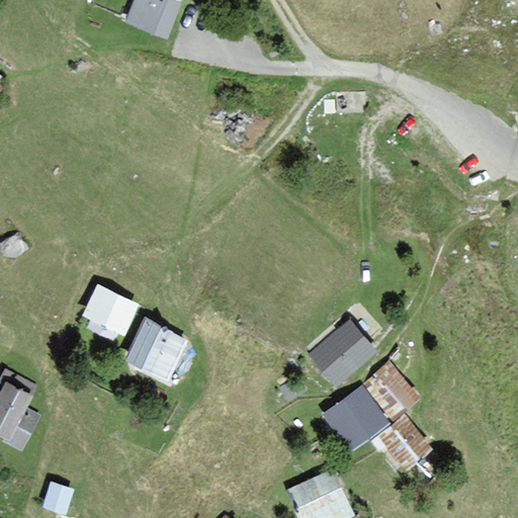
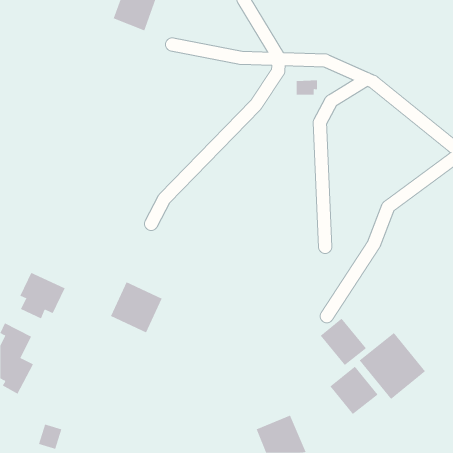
building: [85,285,138,339] -> [19,272,66,319]
building: [311,323,371,381] -> none
building: none -> [359,332,426,400]
building: [326,388,385,447] -> none

